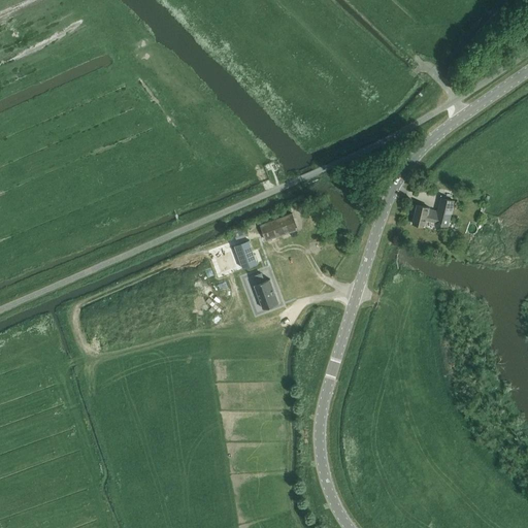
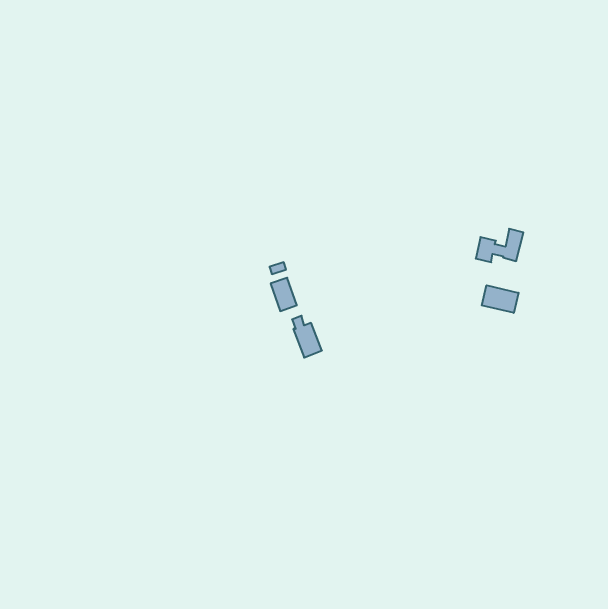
building: [260,213,297,241] -> none
building: none -> [482,285,519,313]

